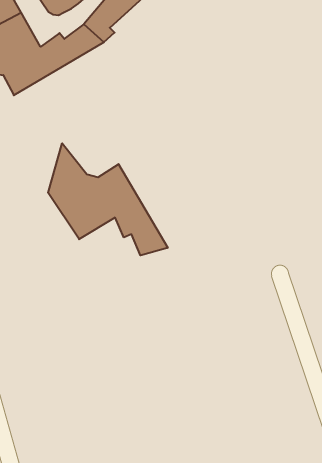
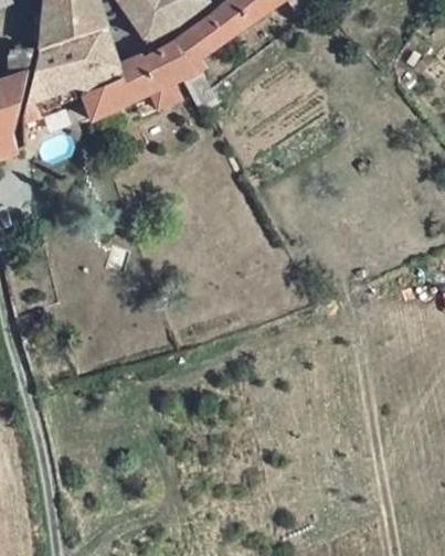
building: [48,143,168,255] -> none

